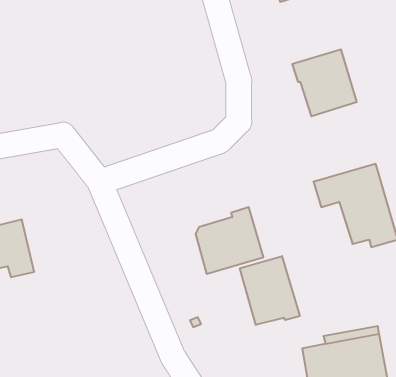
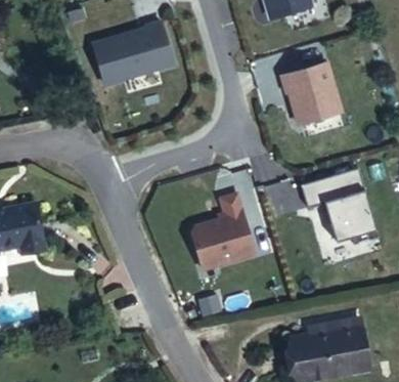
building: none -> [92,20,172,83]
building: [240,256,300,325] -> none

